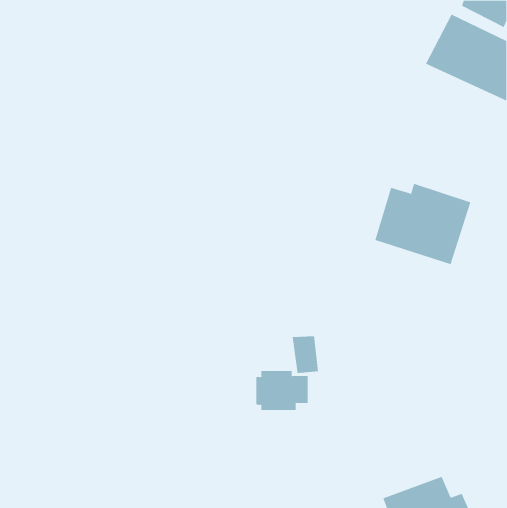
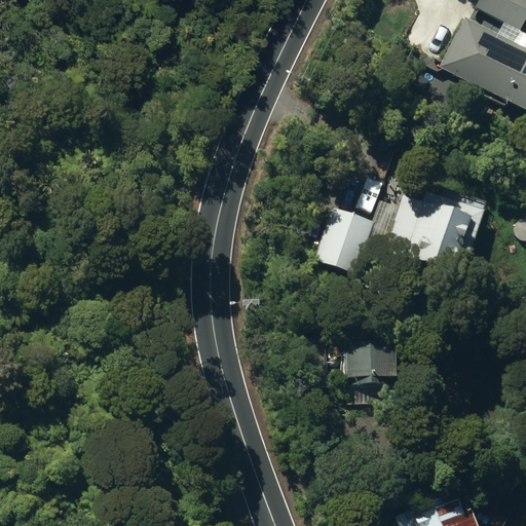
building: none -> [315,208,374,273]
building: [256,371,308,410] -> [345,342,400,383]

